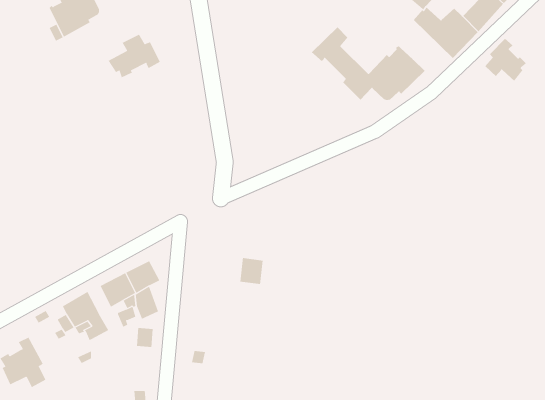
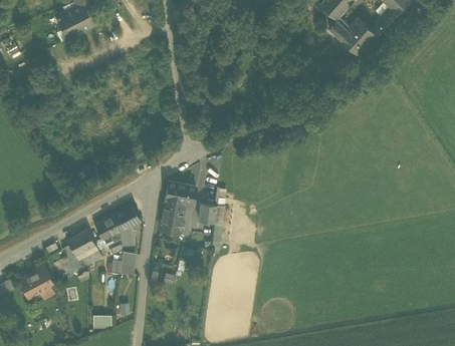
building: [311,26,426,101] -> none
building: [108,34,161,78] -> none
building: [485,38,527,81] -> none
building: none -> [161,185,196,233]

